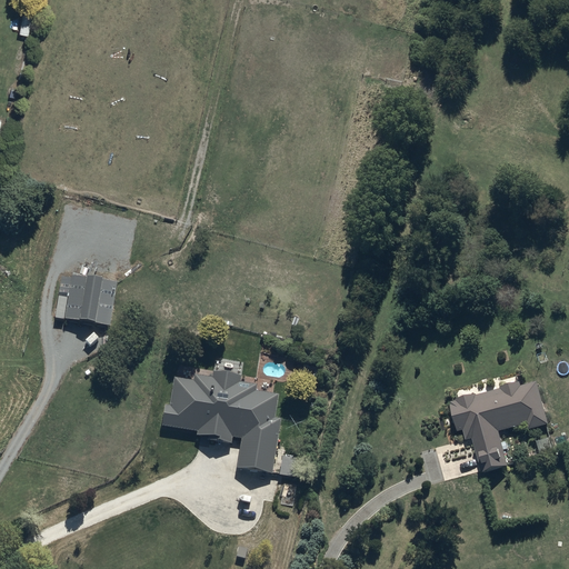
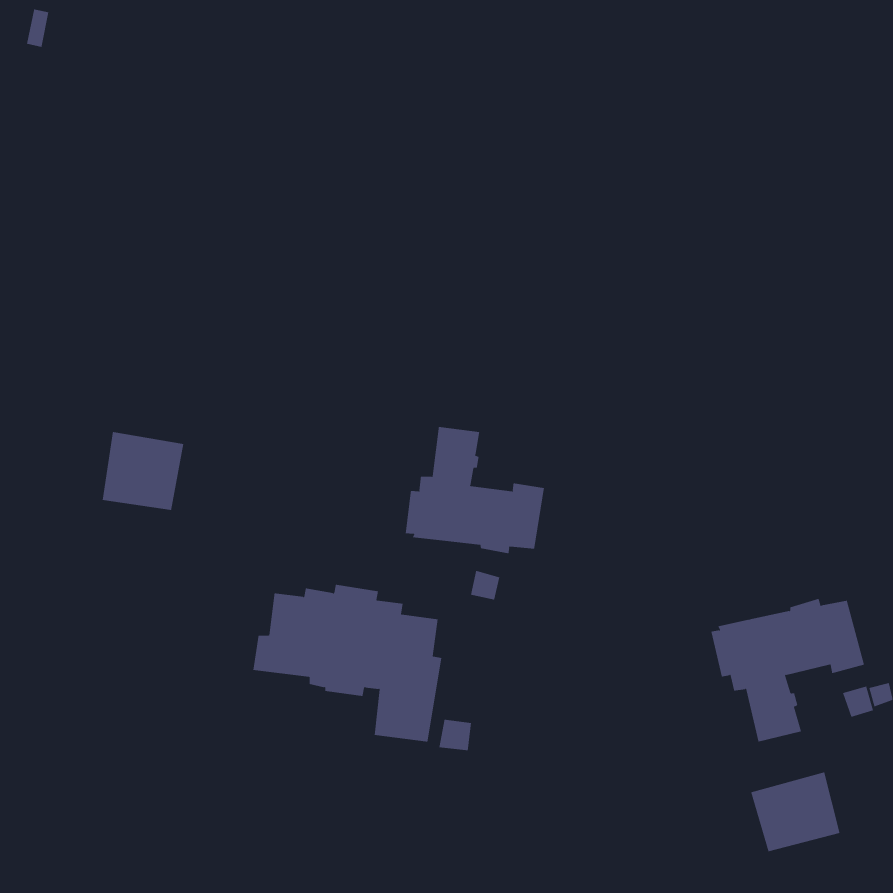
building: none -> [405,426,545,554]
building: none -> [750,772,840,852]

